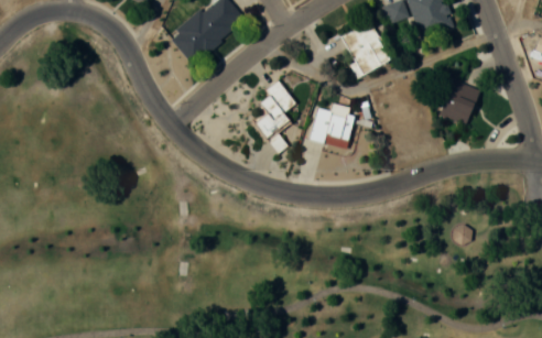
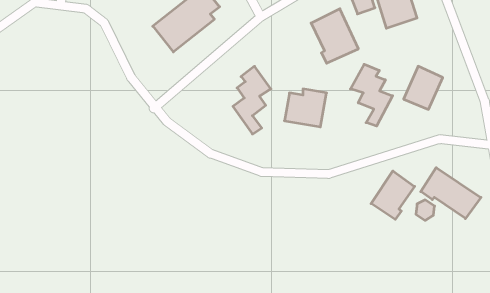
building: none -> [350,64,393,126]
building: none -> [421,168,481,219]
building: none -> [371,171,415,219]

